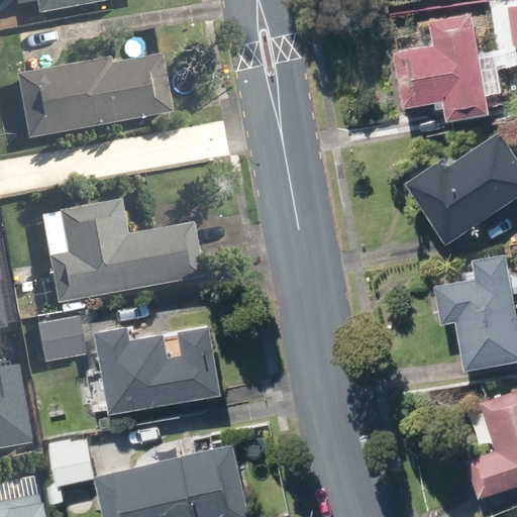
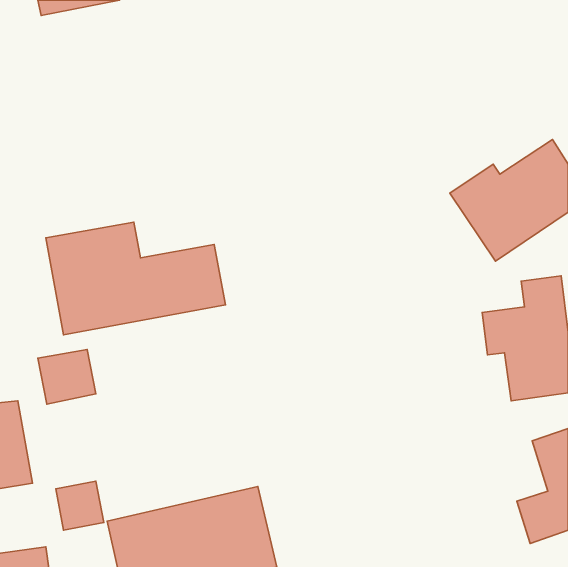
building: [395,12,488,117] -> none
building: [14,55,173,142] -> none
building: [98,325,224,412] -> none

